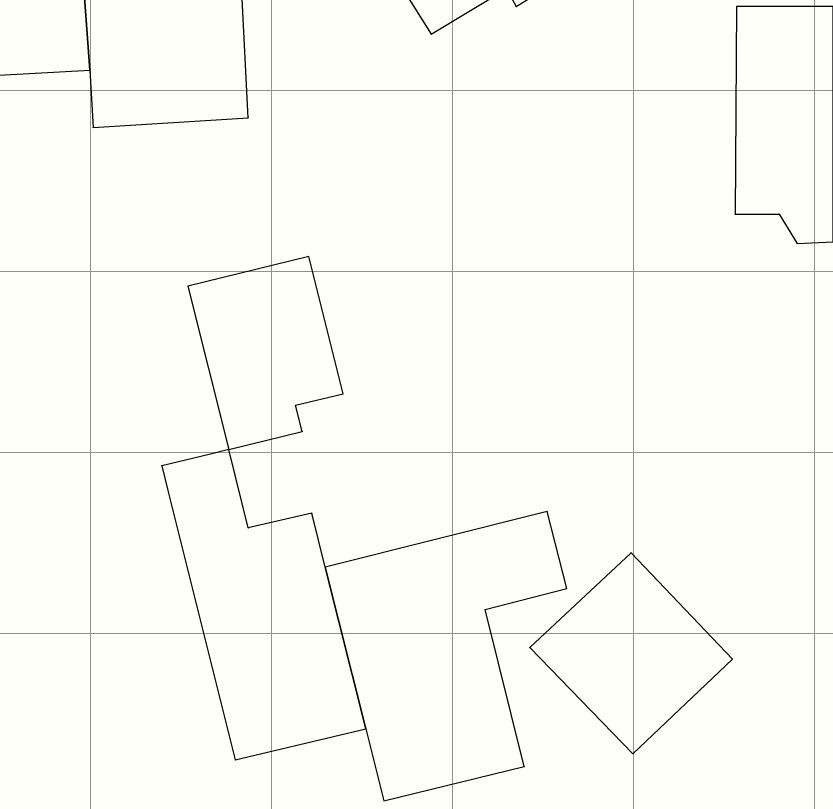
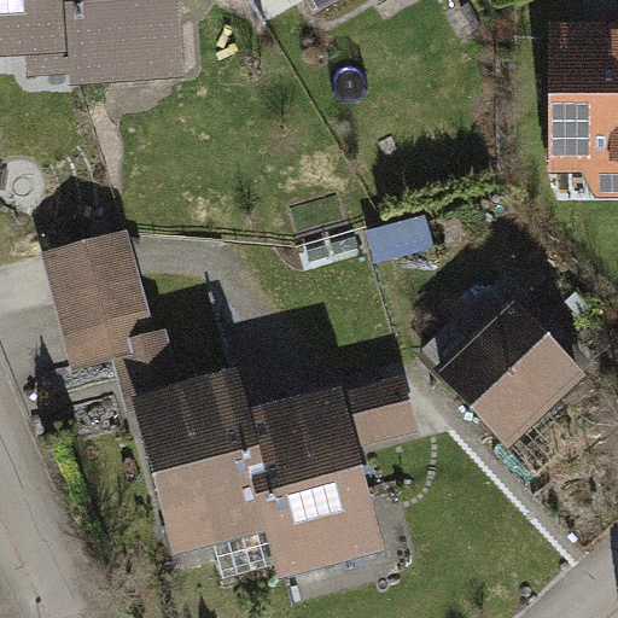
building: [188,257,343,449] -> [40,234,154,377]
building: [530,553,732,754] -> [436,296,585,444]

